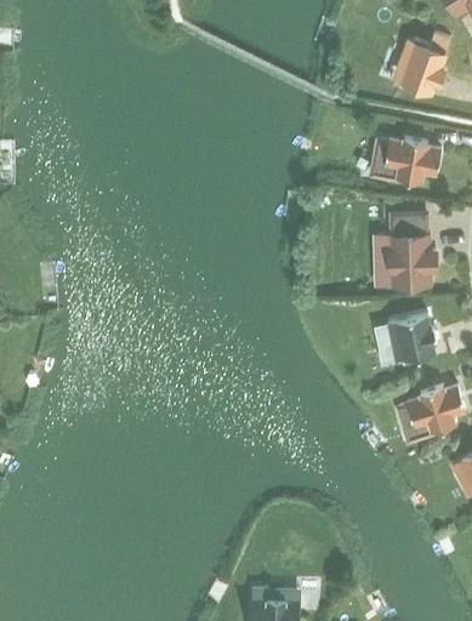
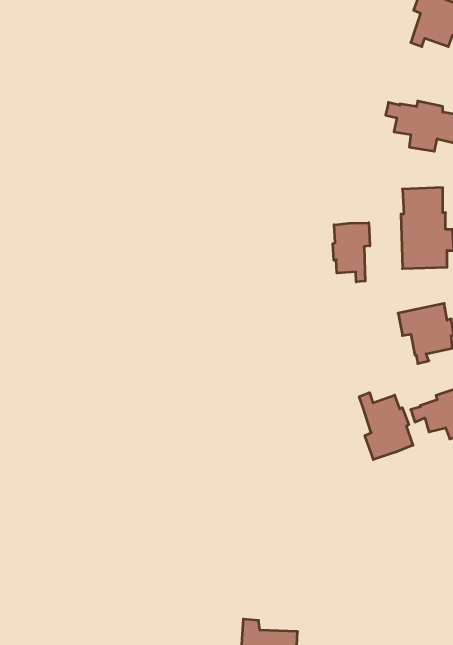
building: none -> [333,223,370,282]
building: none -> [359,393,413,460]

